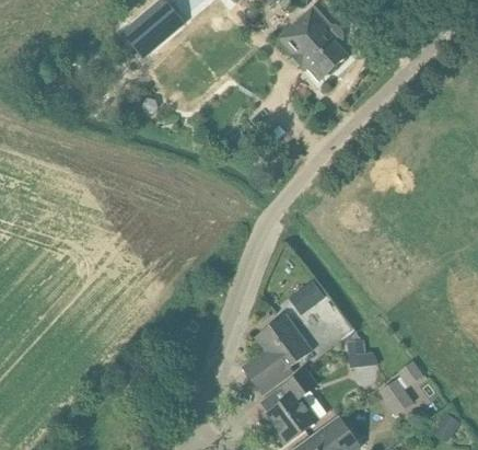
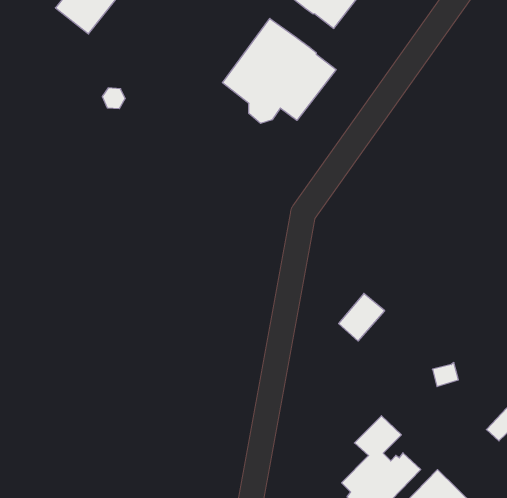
building: none -> [222,18,336,123]
building: [242,314,312,394] -> none

